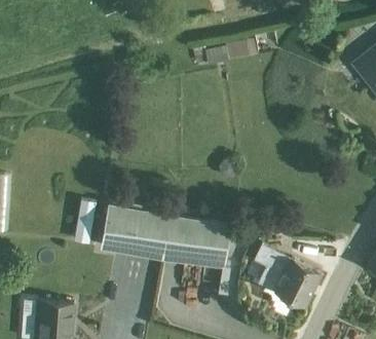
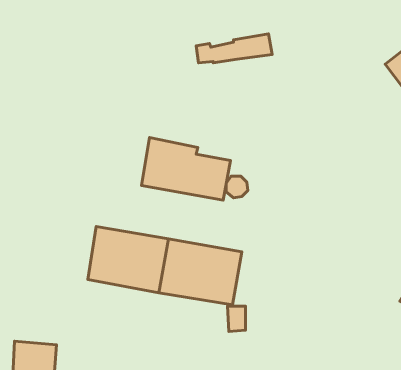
building: none -> [141,137,230,200]
building: [257,247,321,307] -> none

